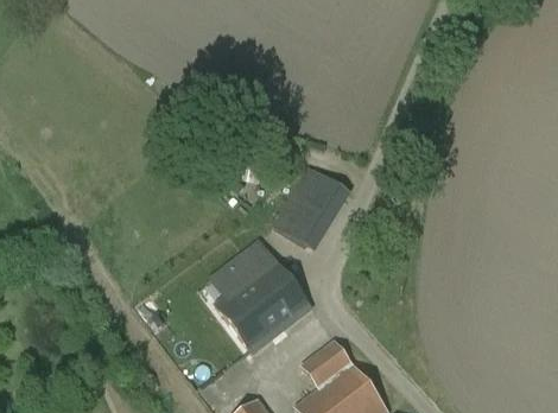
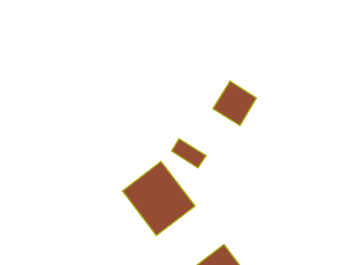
building: [286,167,350,233] -> [213,81,256,125]
building: [303,341,353,387] -> none

